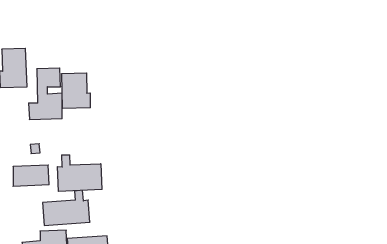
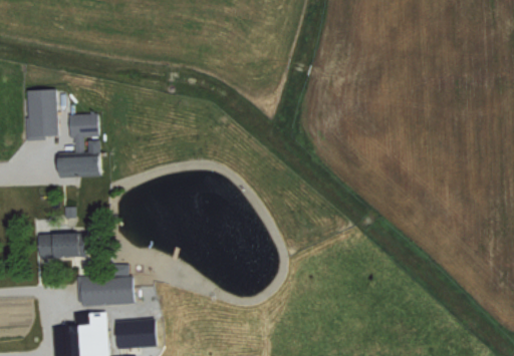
building: [62,73,90,109] -> none
building: [58,155,102,191] -> none

